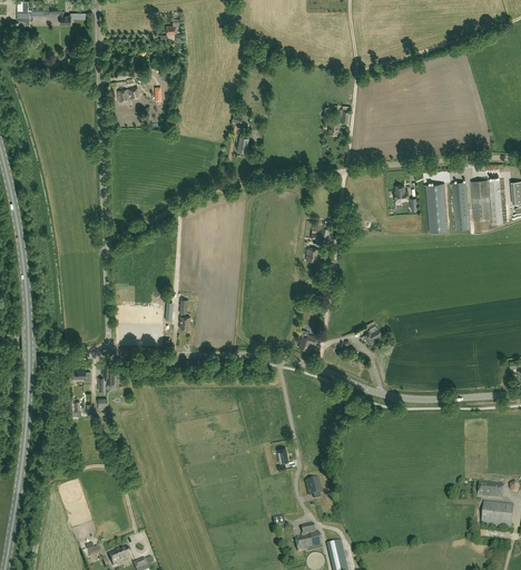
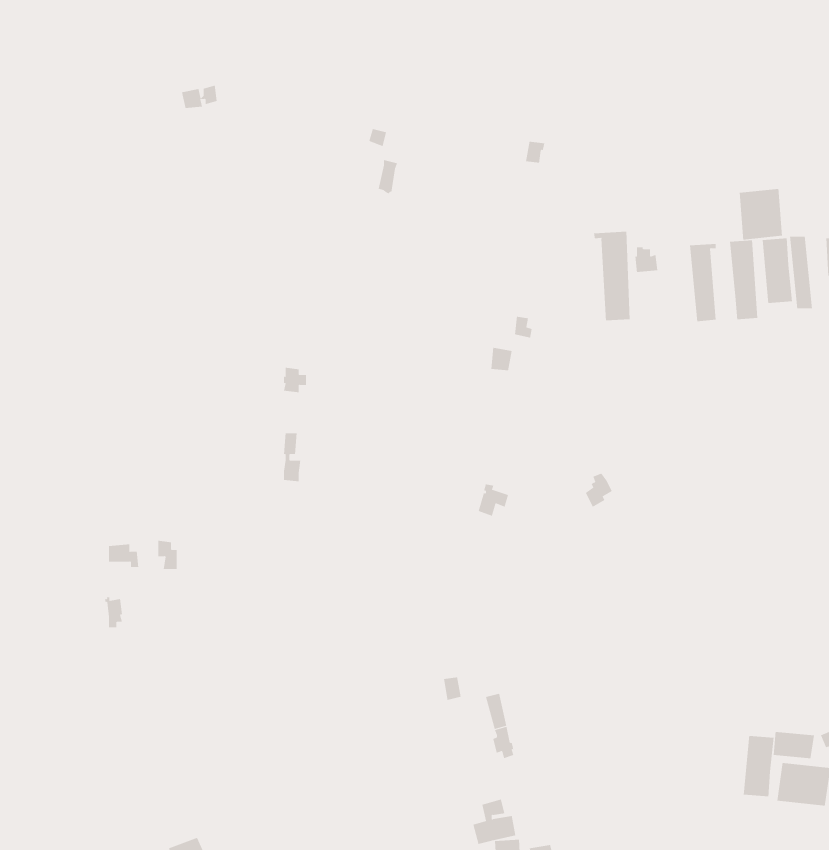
building: none -> [739,188,783,240]
building: none -> [593,231,630,321]
building: none -> [743,735,774,797]

